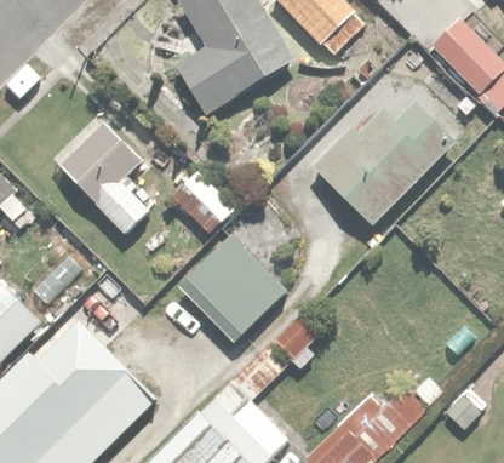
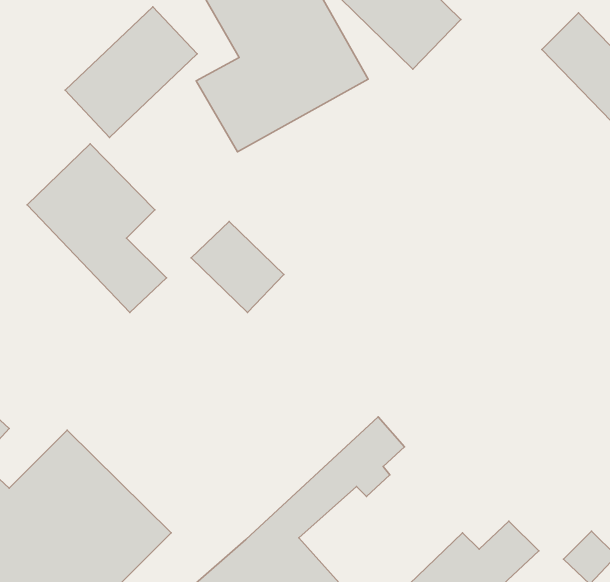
building: none -> [65,7,197,138]
building: [309,80,456,227] -> none
building: [176,232,290,345] -> none

